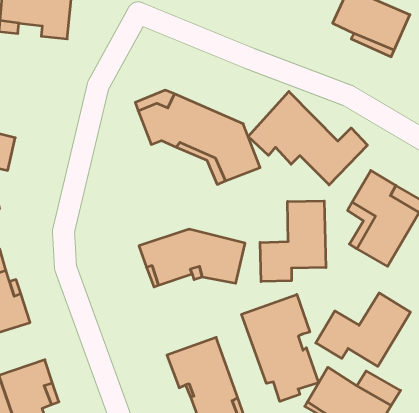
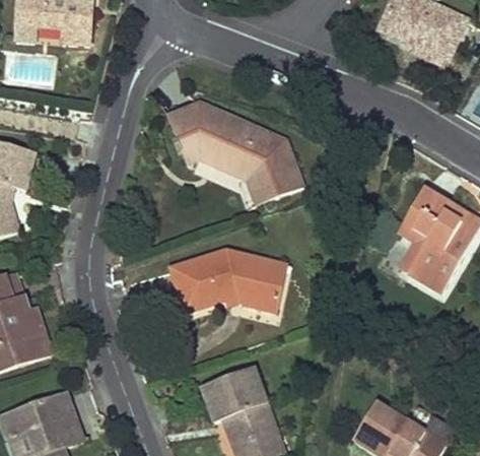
building: [248,91,367,185] -> none
building: [260,201,326,282] -> none
building: [316,293,410,366] -> none
building: [242,294,319,401] -> none

